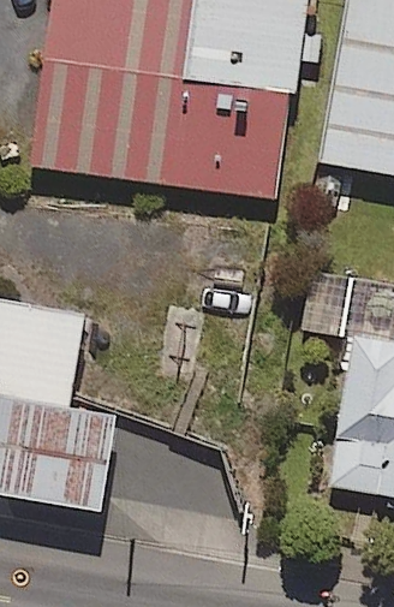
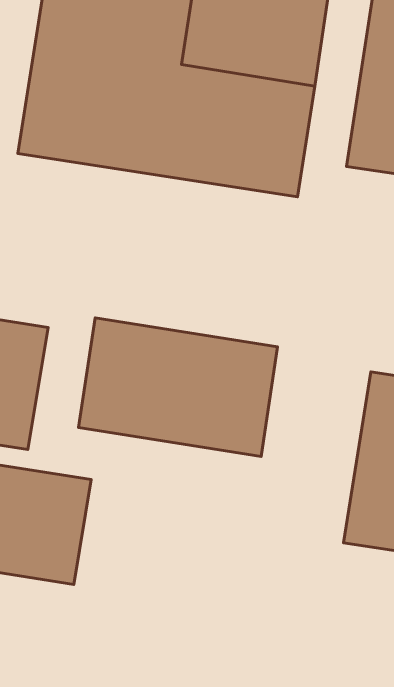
building: none -> [79,318,278,456]

